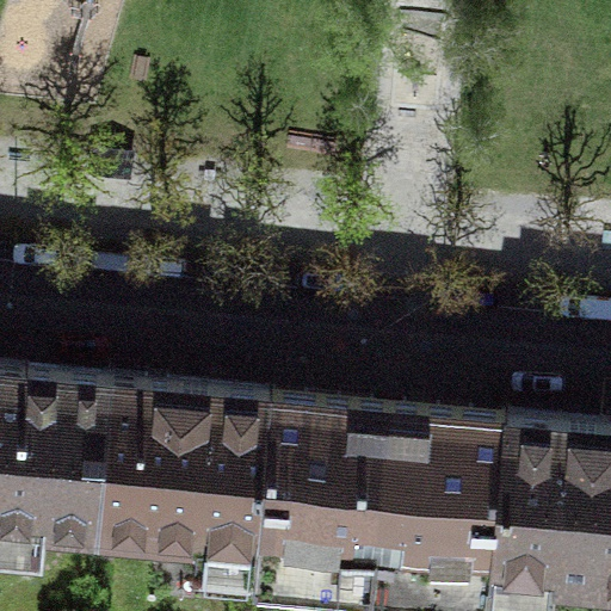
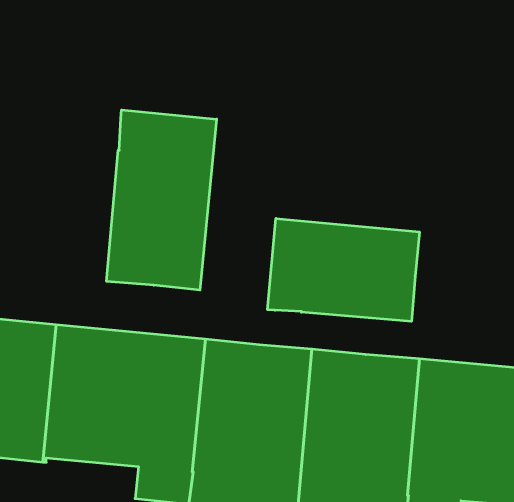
building: none -> [107,110,217,290]
building: none -> [268,218,419,321]

